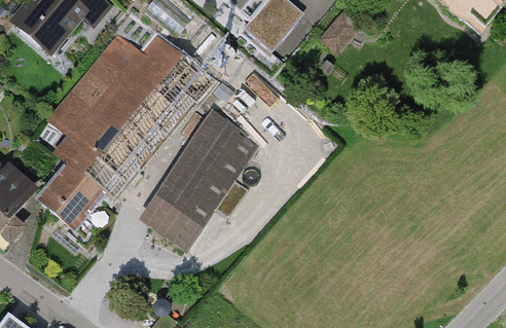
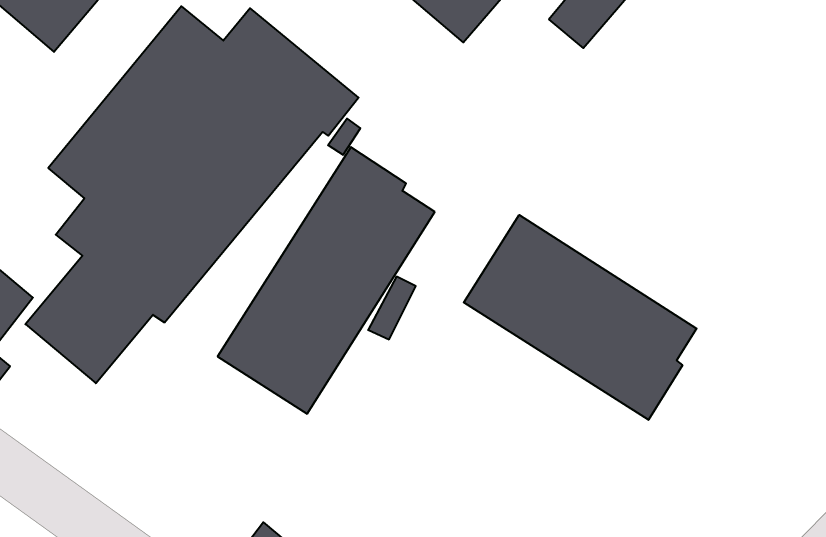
building: none -> [464,215,697,420]

